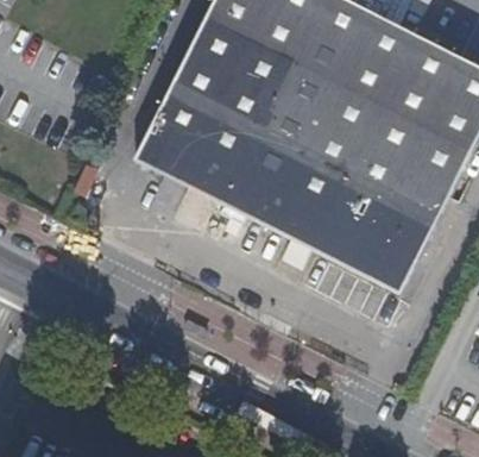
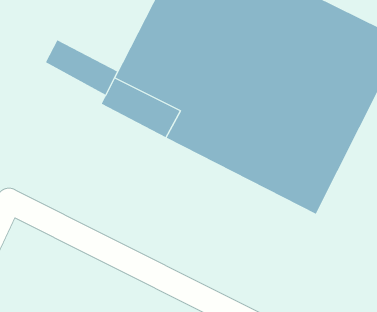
building: none -> [45,39,118,95]

